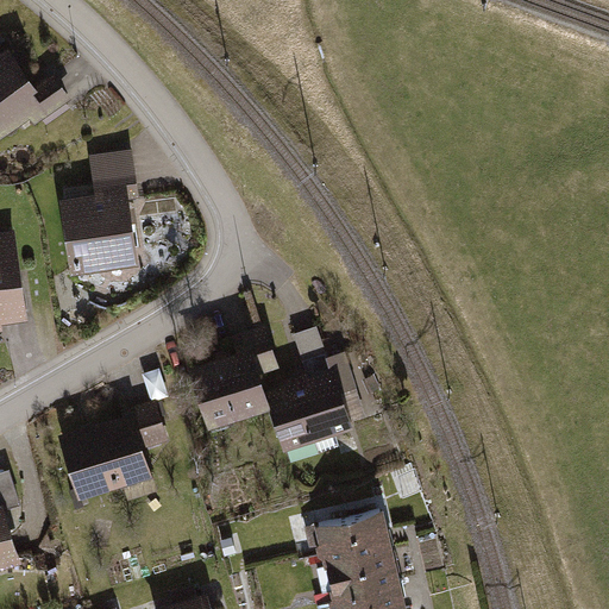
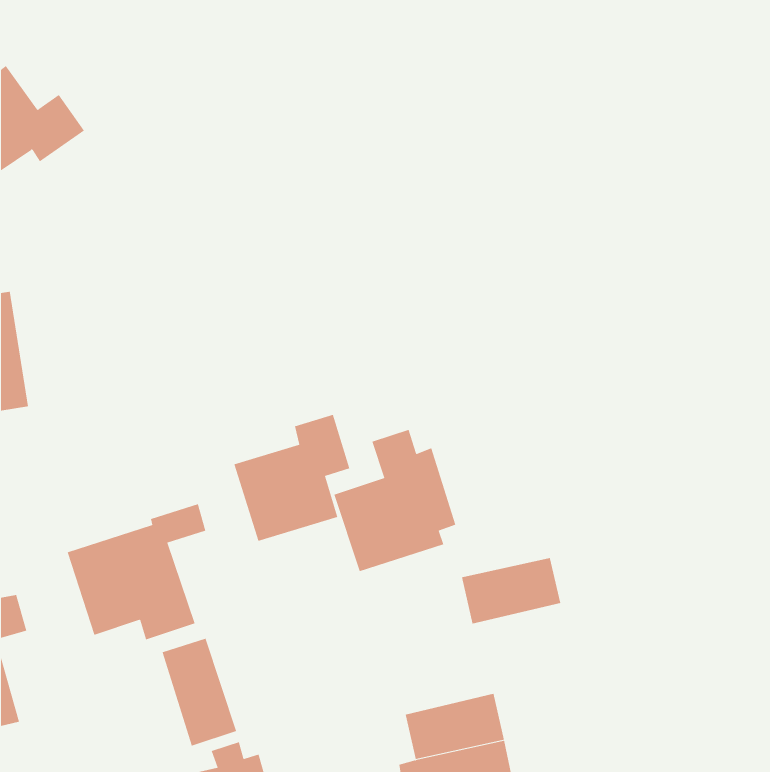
building: [58,152,138,280] -> none
building: none -> [162,638,237,746]
building: [313,510,391,563] -> [461,558,561,624]

